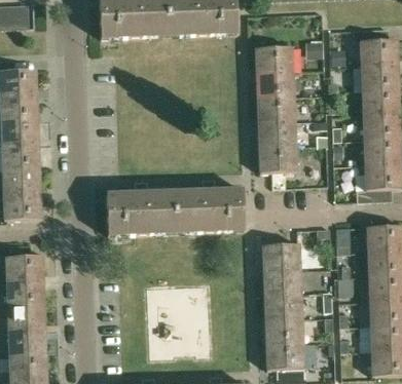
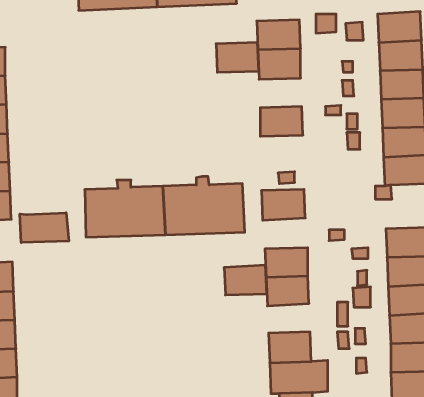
building: [256,95,293,121] -> [216,43,259,72]
building: [257,145,295,171] -> [261,189,305,220]
building: none -> [20,213,69,243]
building: [263,291,300,316] -> [224,265,267,295]

